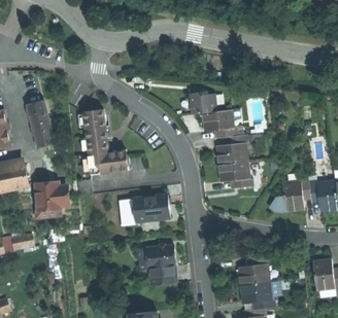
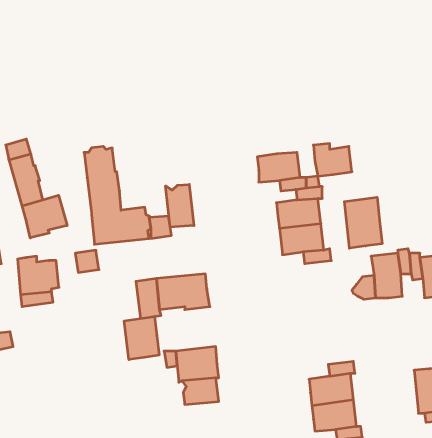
building: [190,93,216,115] -> [313,144,352,176]
building: none -> [166,184,194,227]
building: none -> [22,195,67,238]
building: none -> [344,197,382,248]
building: none -> [124,316,159,360]

